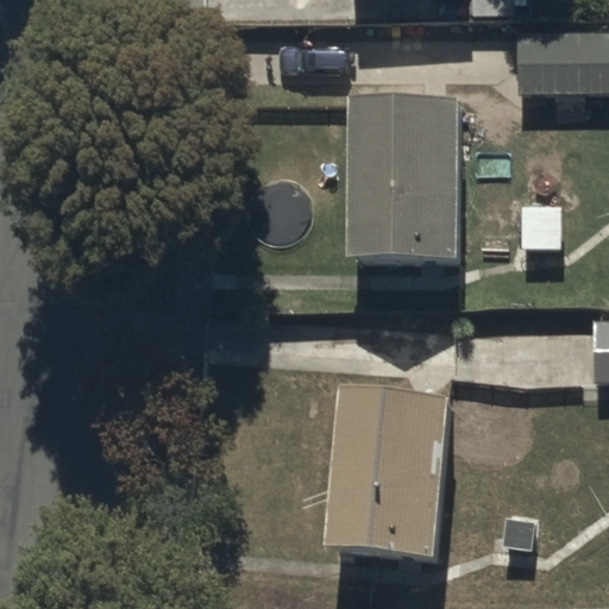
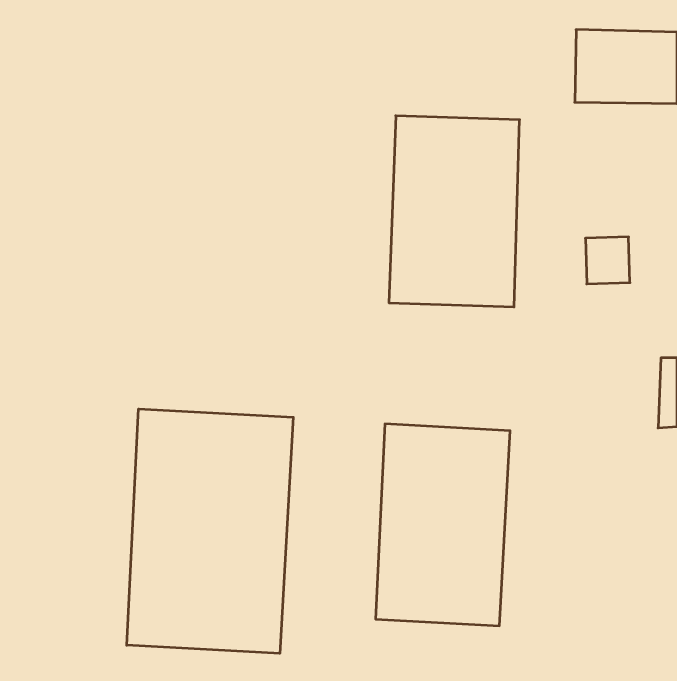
building: none -> [127,409,293,653]

